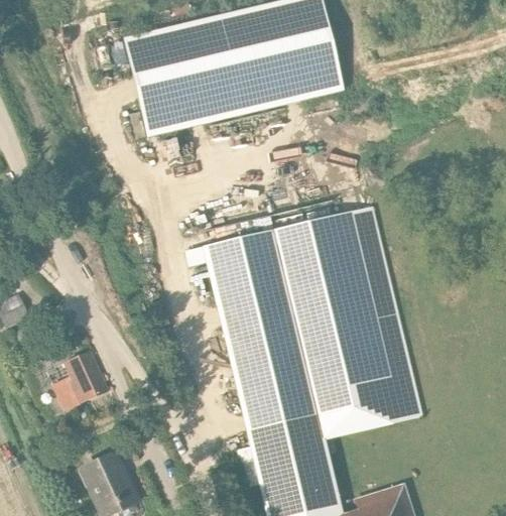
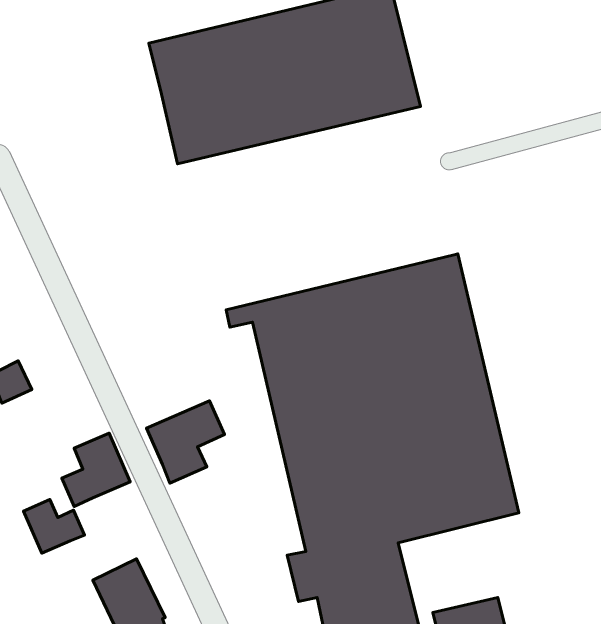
building: none -> [146,401,225,483]
building: none -> [24,499,84,553]

